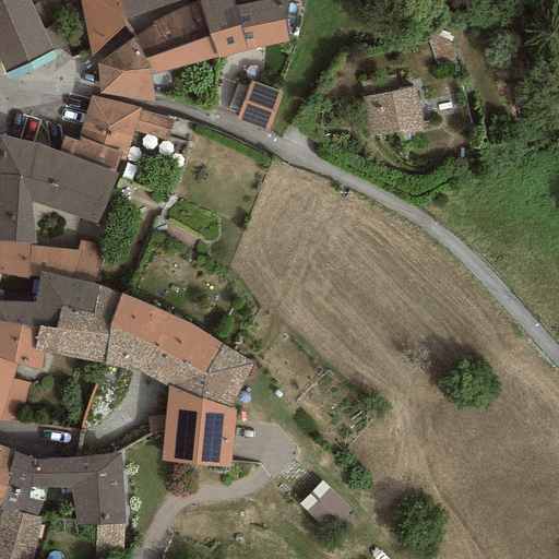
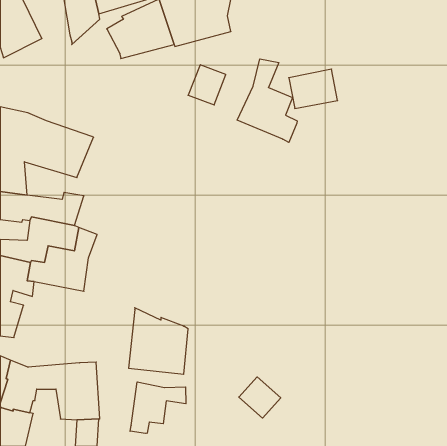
building: [96,36,153,102] -> none
building: none -> [237,59,297,142]
building: [58,94,174,170] -> none
building: [105,293,253,407] -> none
building: none -> [130,382,186,433]

